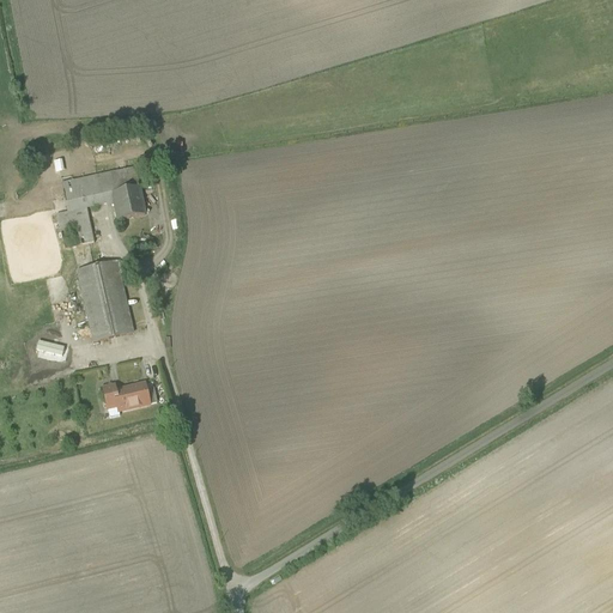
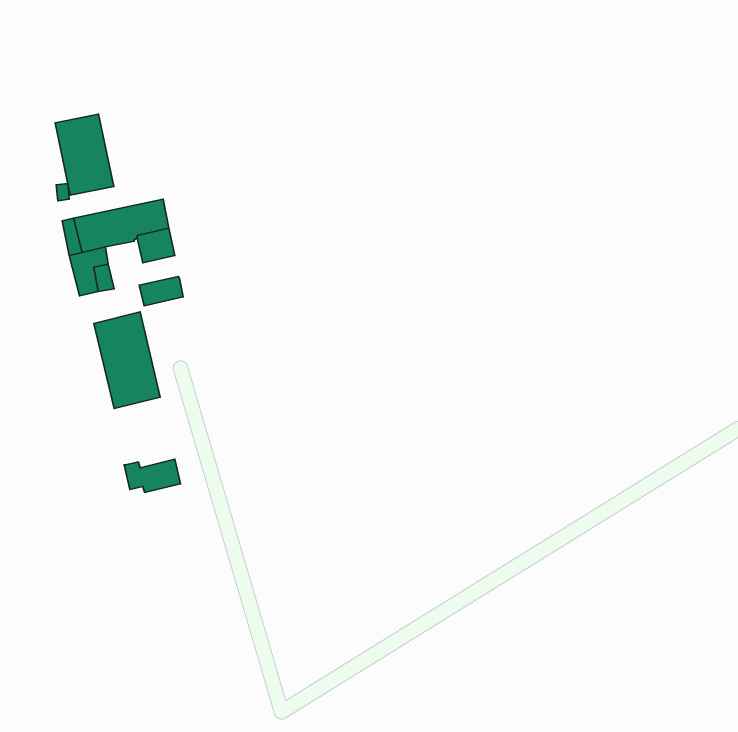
building: none -> [55,114,114,195]
building: none -> [139,276,183,306]

